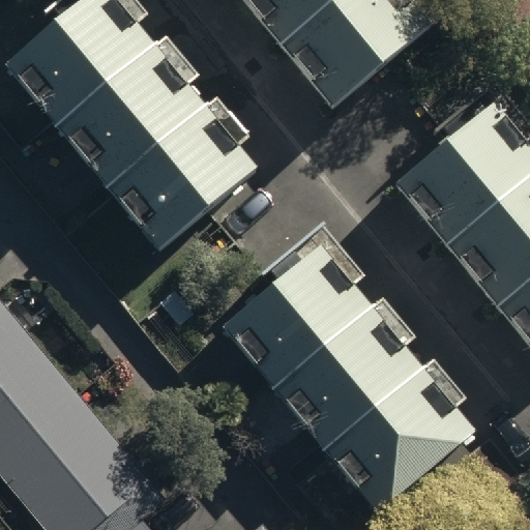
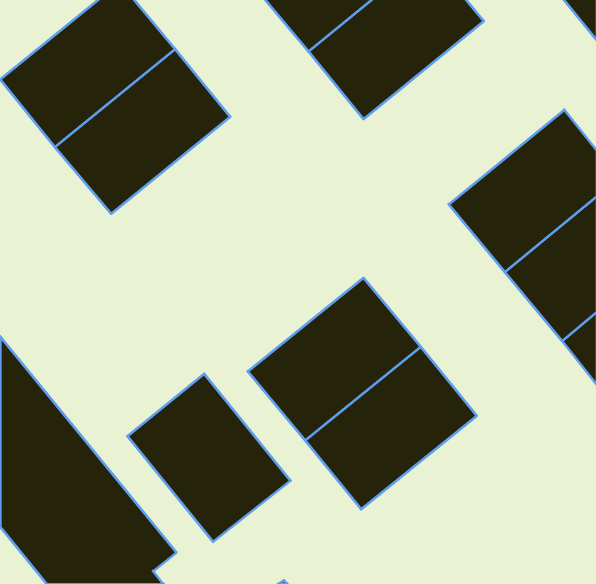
building: [99,104,255,249] -> none
building: none -> [127,374,291,542]
building: [321,369,474,512] -> none

